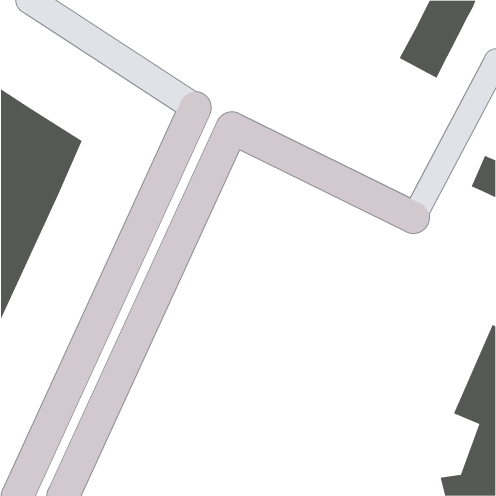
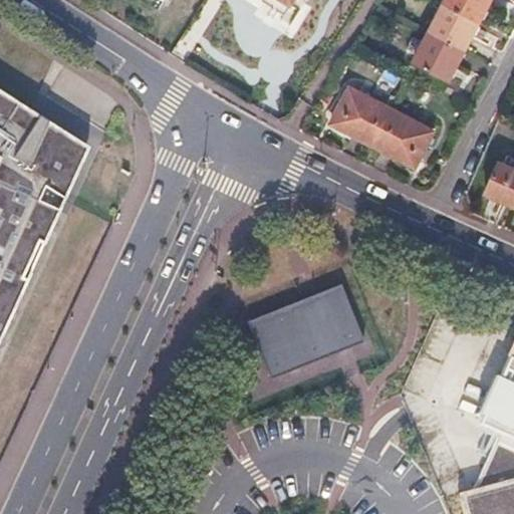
building: none -> [328,83,438,170]
building: none -> [245,284,362,379]

